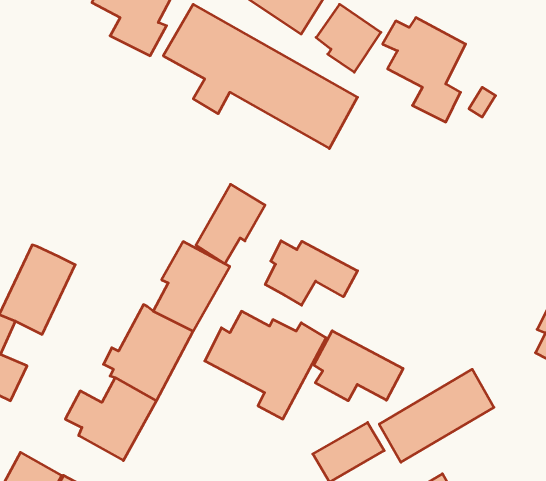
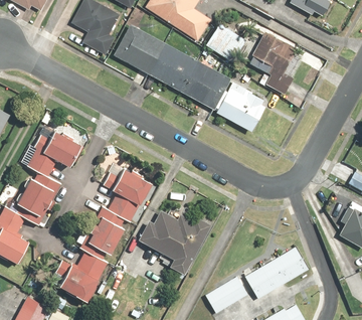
building: none -> [214,79,269,132]
building: none -> [25,124,85,176]
building: [196,184,265,264] -> none
building: [265,241,358,305] -> none
building: [314,331,403,401] -> none

